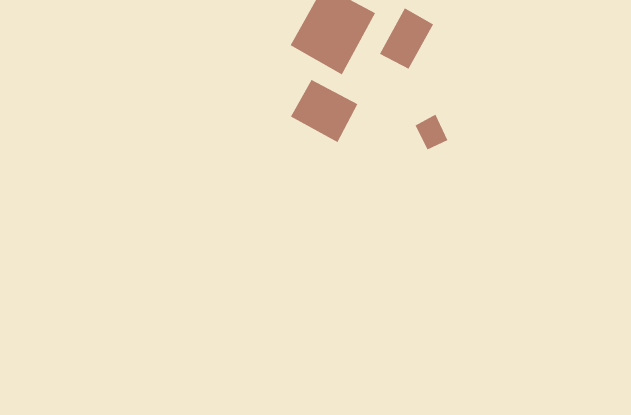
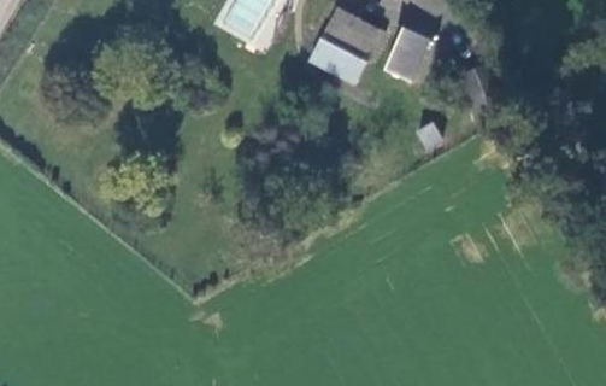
building: [290,79,359,143] -> none

